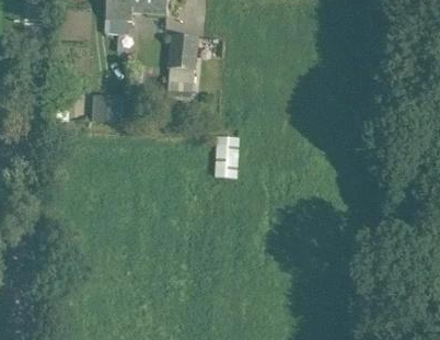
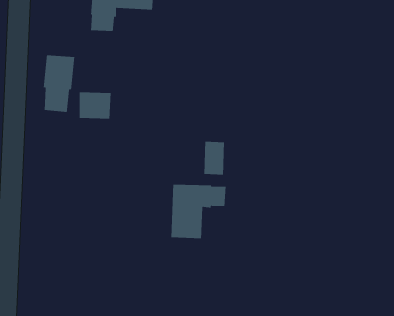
building: [166,33,198,90] -> [43,54,75,113]
building: none -> [171,184,226,239]

